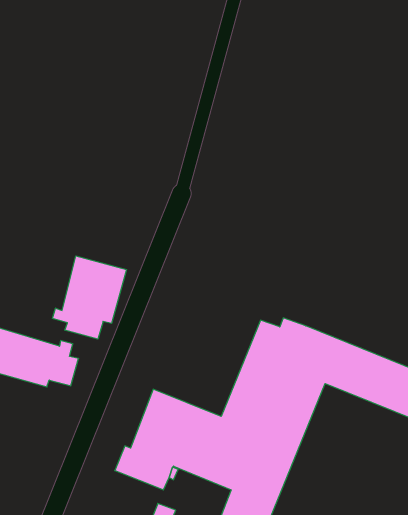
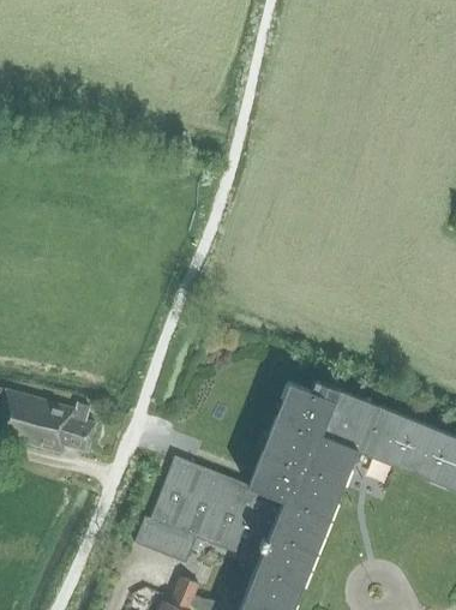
building: [52,256,127,339] -> none

